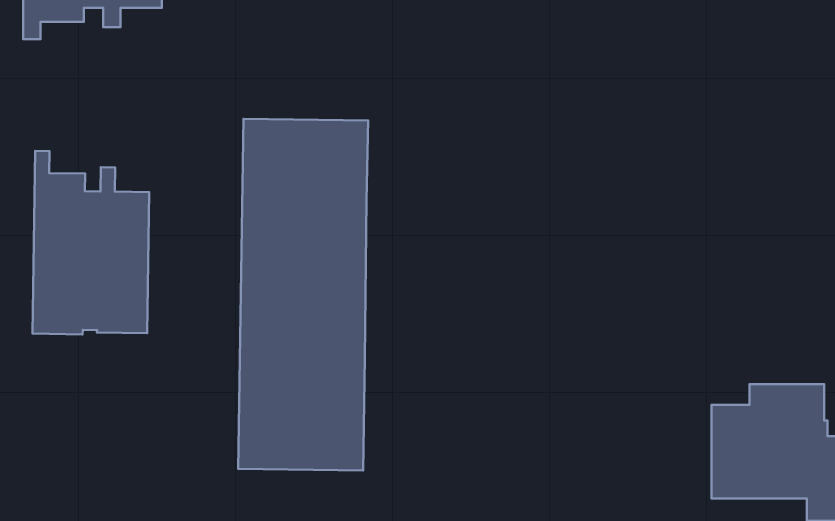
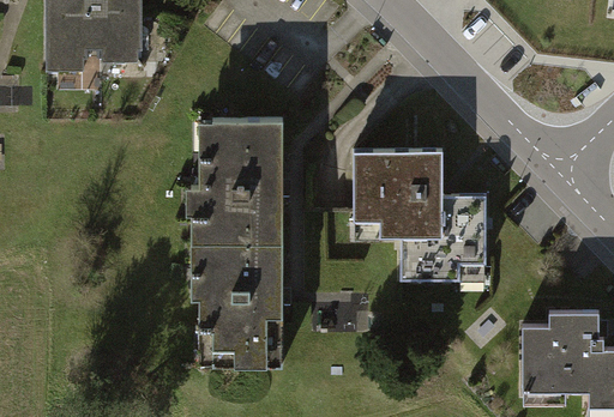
building: none -> [349,144,483,277]
building: [32,151,149,334] -> none

